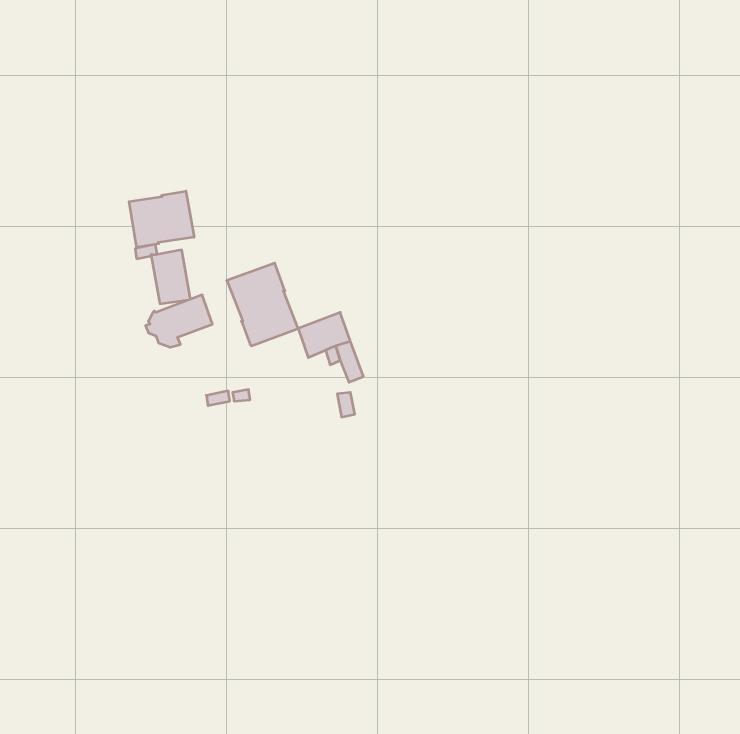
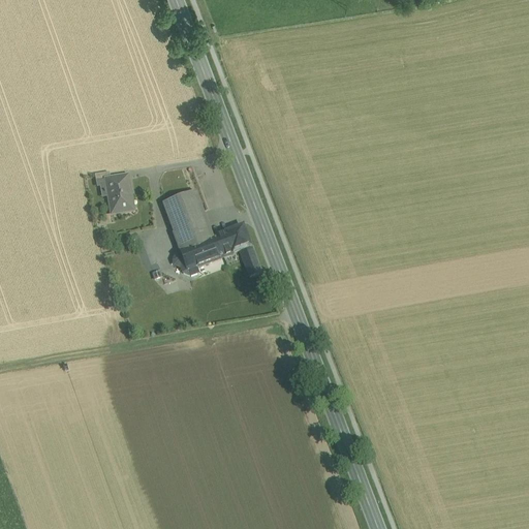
building: [129,191,194,247] -> none
building: [146,295,212,347] -> [172,234,219,271]

